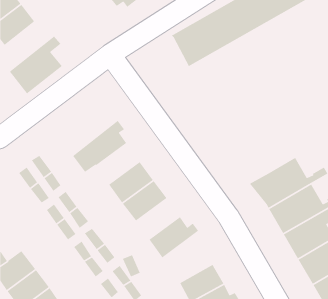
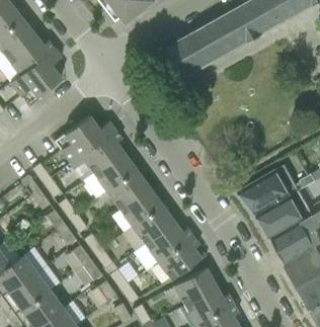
building: none -> [5,35,53,83]
building: none -> [53,115,113,164]
building: none -> [92,152,135,191]
building: none -> [131,205,173,244]
building: none -> [156,236,199,279]

